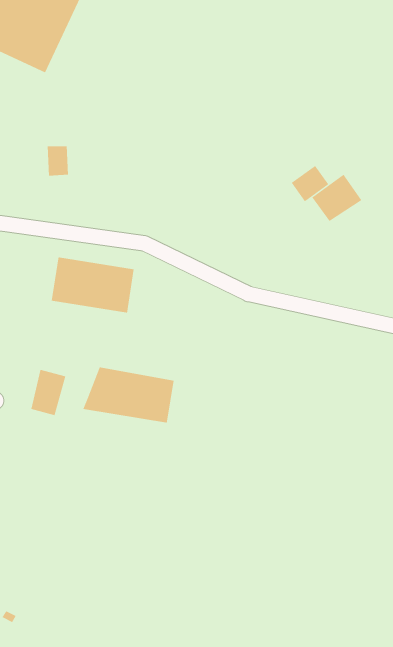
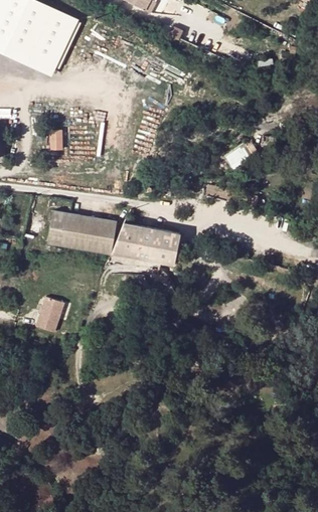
building: [312,174,362,222] -> none
building: [83,367,174,423] -> [110,221,177,263]

